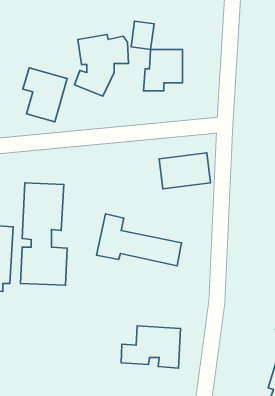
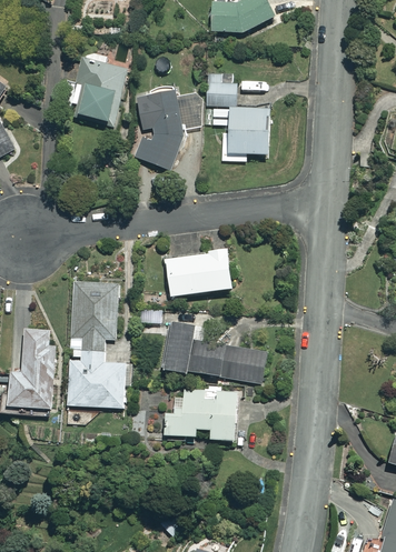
building: [23,68,67,122] -> [75,54,130,122]
building: [159,153,211,189] -> [166,249,230,294]
building: [121,326,180,368] -> [161,388,236,441]

